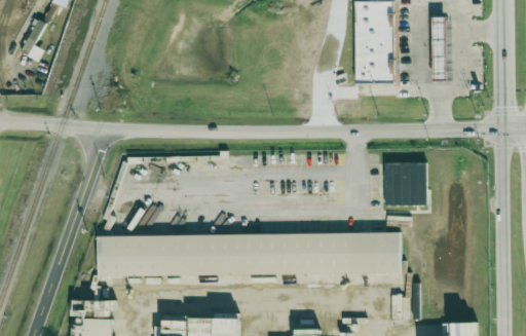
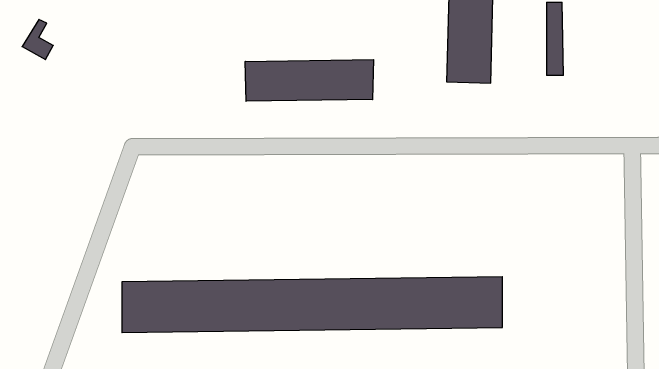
building: none -> [245,60,374,101]
building: [381,166,426,209] -> none

